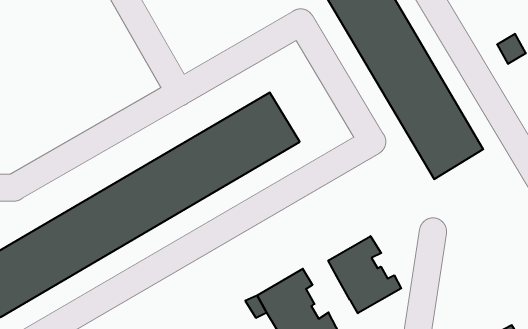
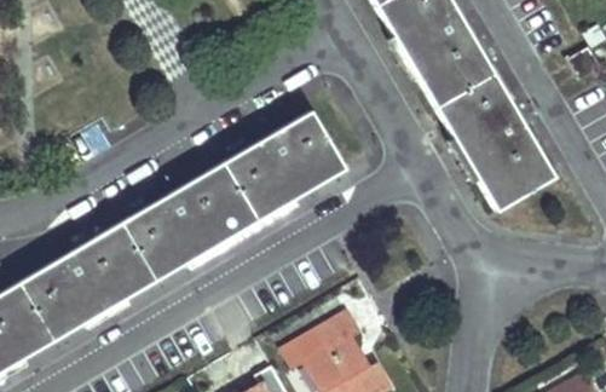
building: [328,236,401,313] -> none

